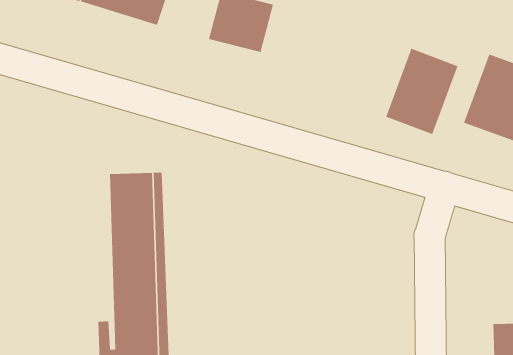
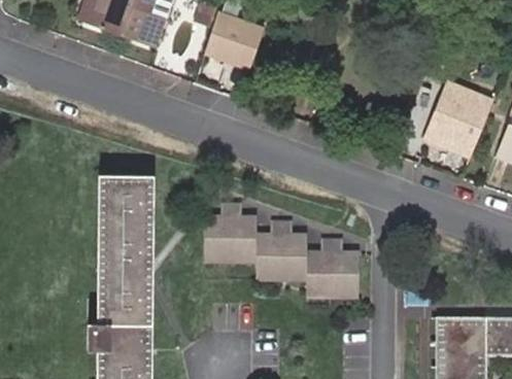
building: [386,48,458,135] -> none
building: none -> [209,199,357,295]

